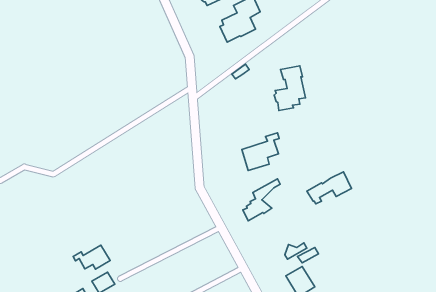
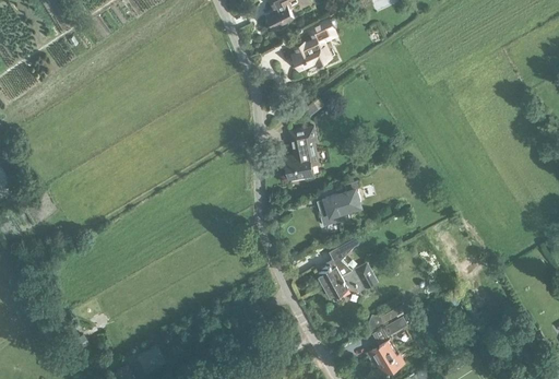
building: [274,66,305,111] -> [282,127,319,180]
building: [307,172,352,204] -> [323,262,377,300]
building: [73,245,110,269] -> none

